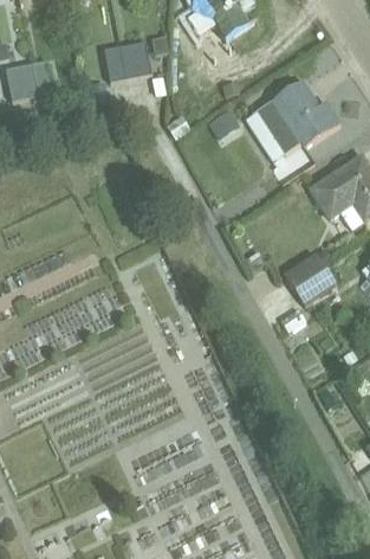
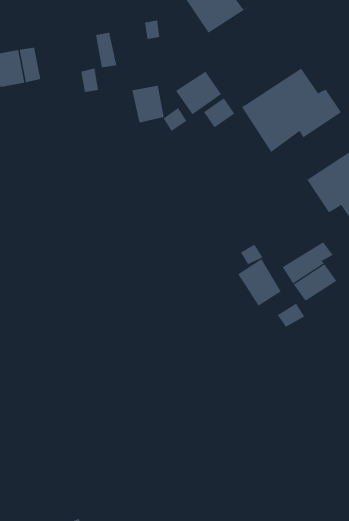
building: [119,41,151,78] -> [131,85,165,123]
building: none -> [175,71,222,115]
building: none -> [237,258,281,306]

